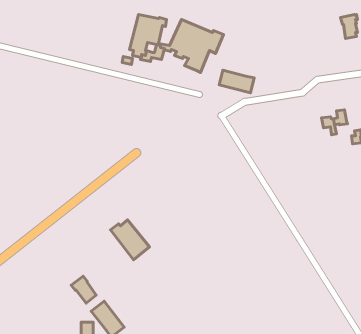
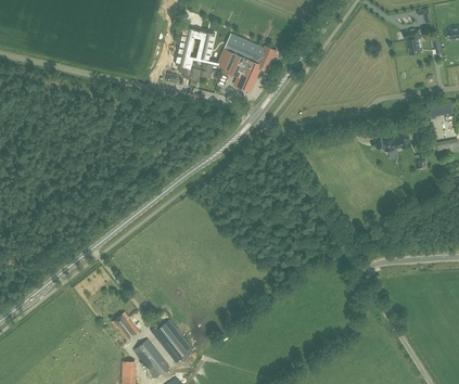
building: [219,70,254,93] -> none
building: [111,220,150,260] -> [151,320,193,363]

